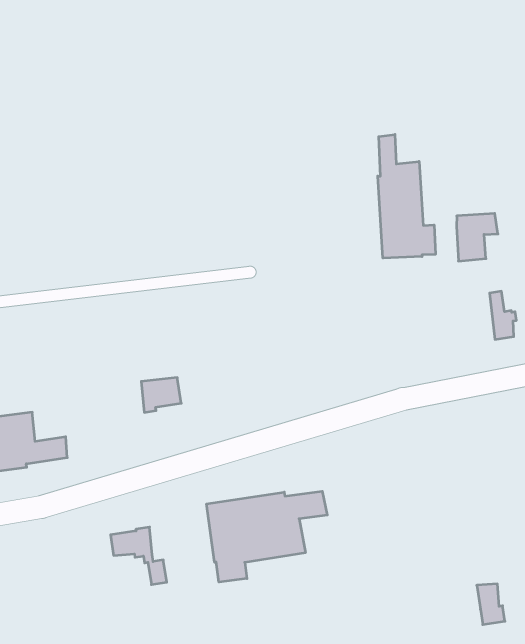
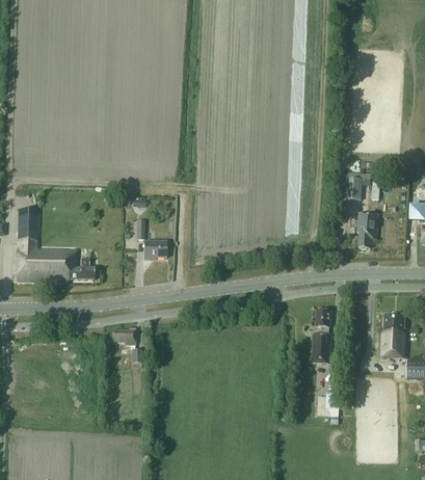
building: [378,134,435,258] -> none
building: none -> [312,311,331,364]
building: [207,491,327,582] -> none

